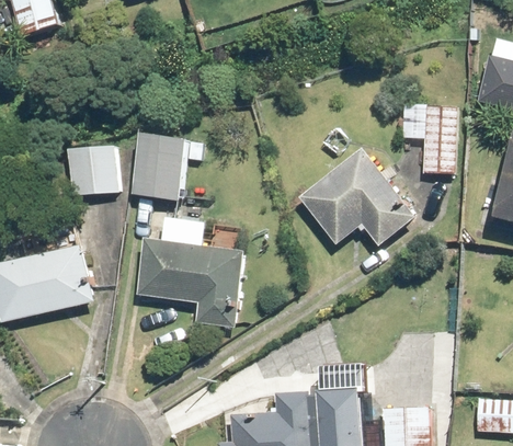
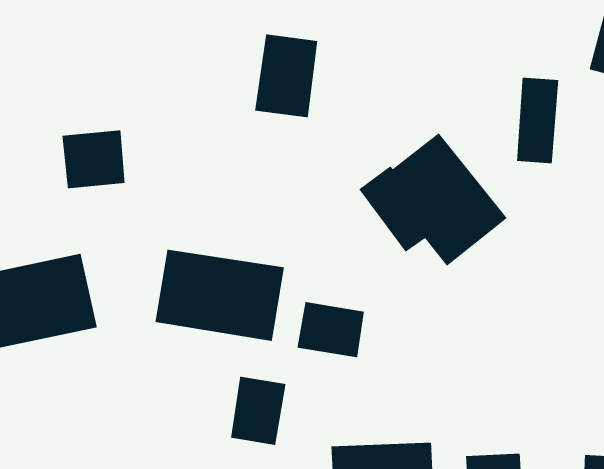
building: [135,134,185,201] -> [254,34,318,118]
building: none -> [296,301,365,358]
building: none -> [230,376,287,446]

